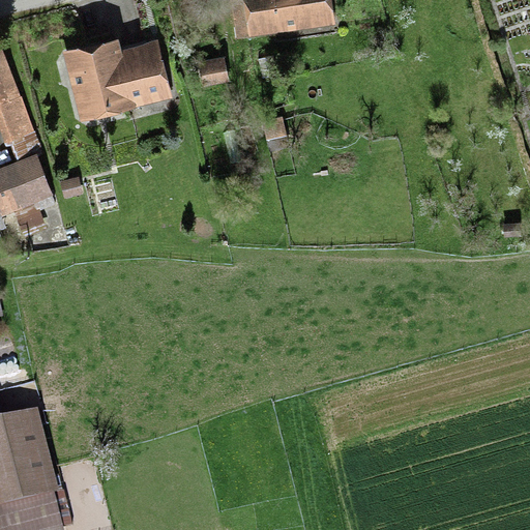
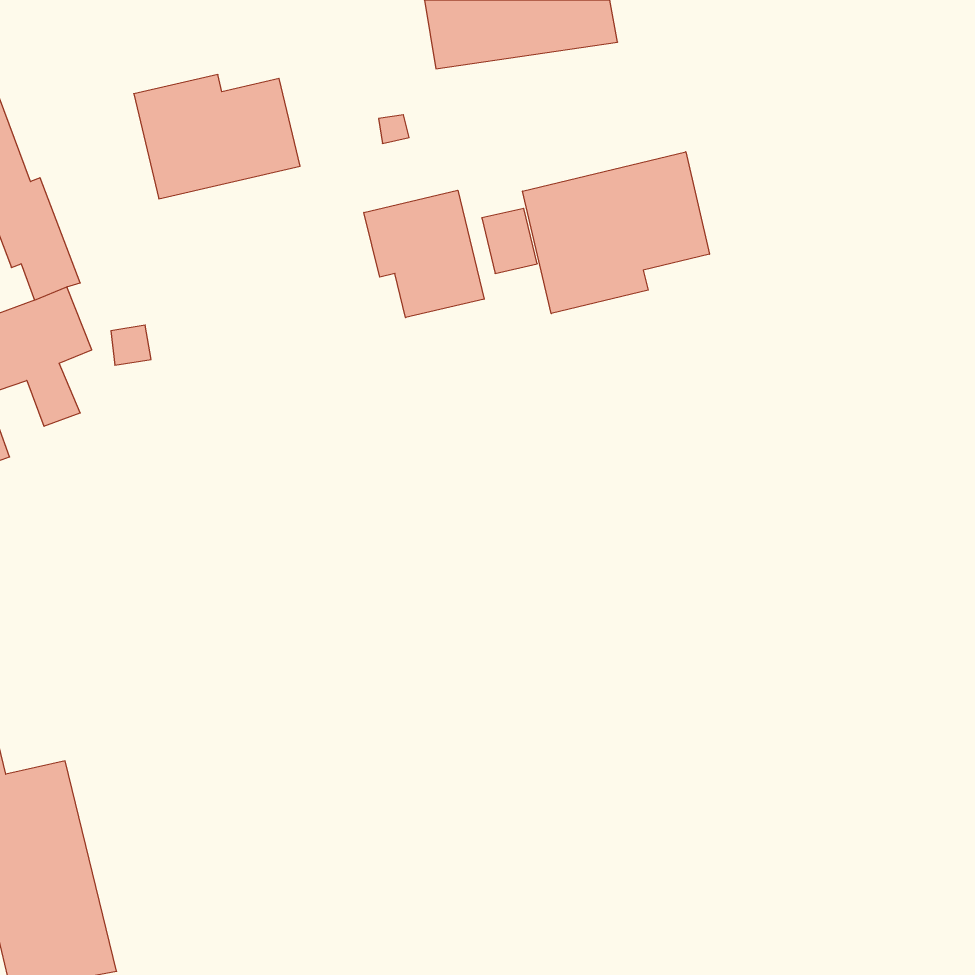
building: none -> [523,152,709,314]
building: none -> [364,190,484,318]

